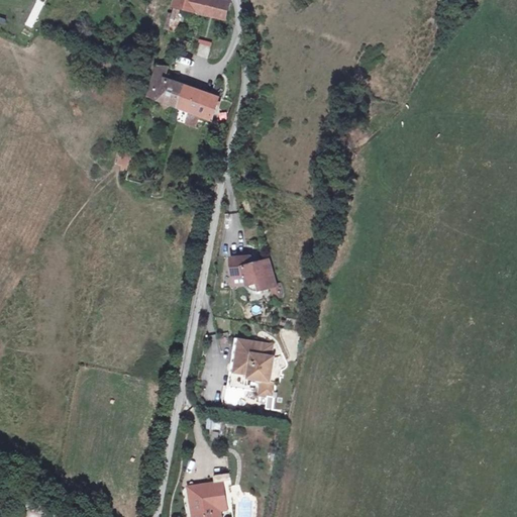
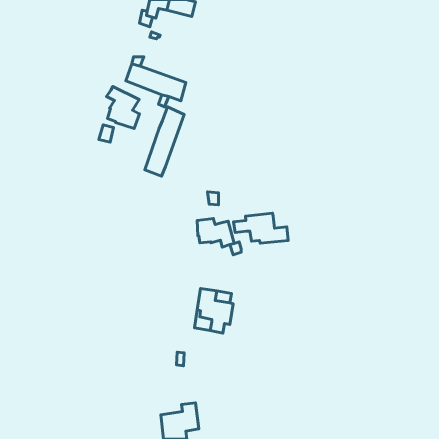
building: none -> [106,87,139,128]
building: none -> [145,107,184,176]
building: none -> [234,213,288,243]

